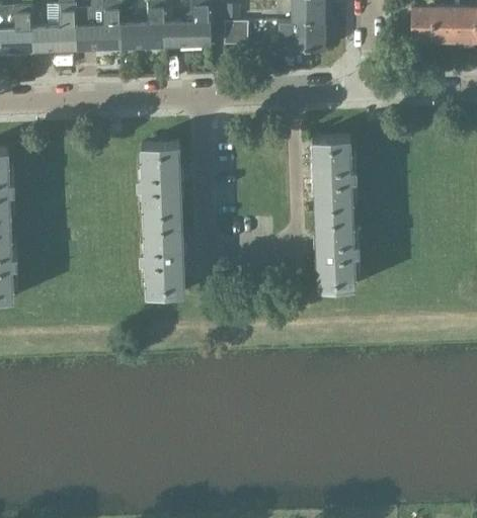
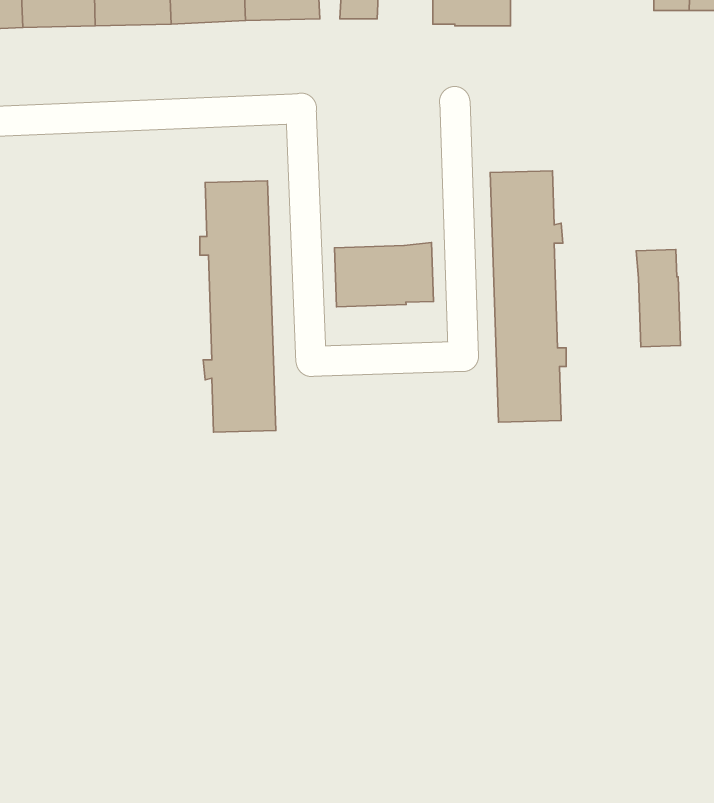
building: none -> [335,242,433,307]
building: none -> [636,250,680,347]

